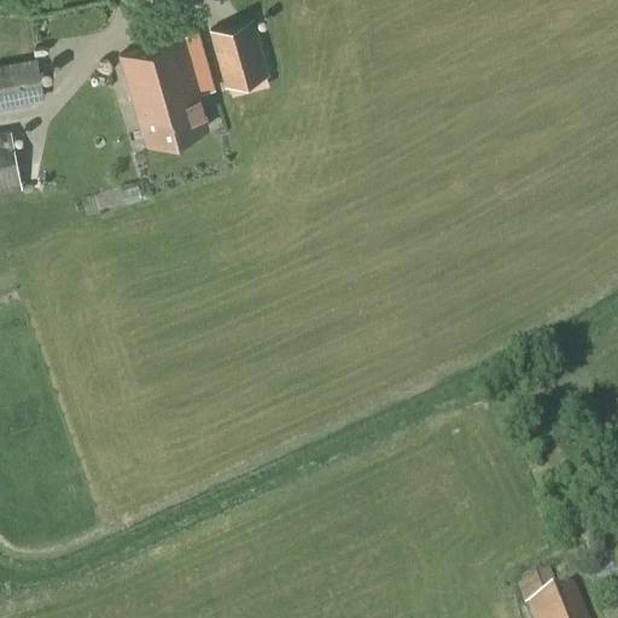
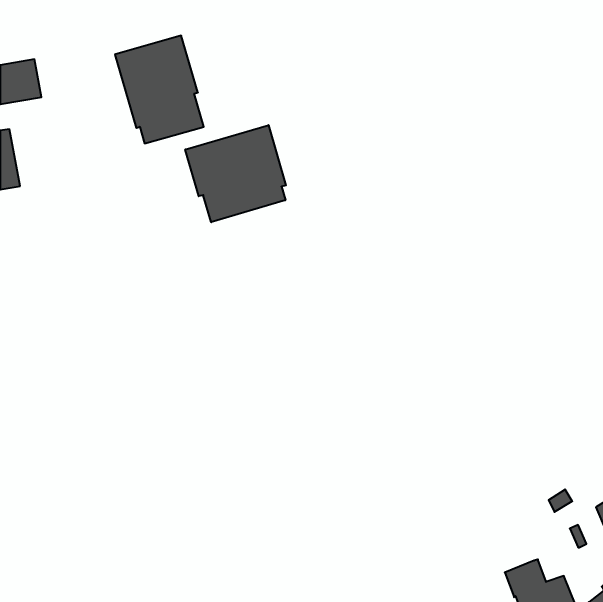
building: [210,22,272,92] -> none
building: none -> [185,125,286,222]

